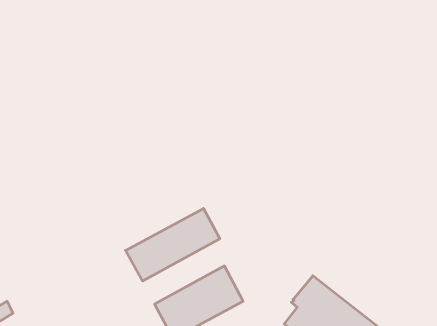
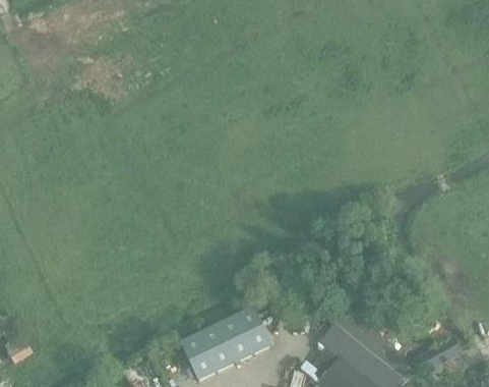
building: [125,208,220,281] -> none

